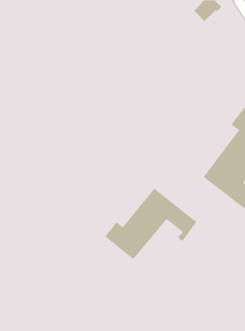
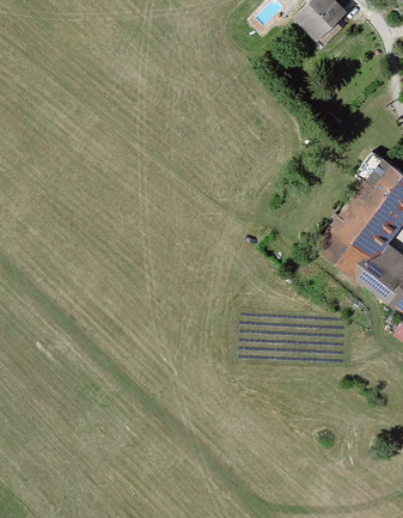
building: [105,188,197,260] -> none

